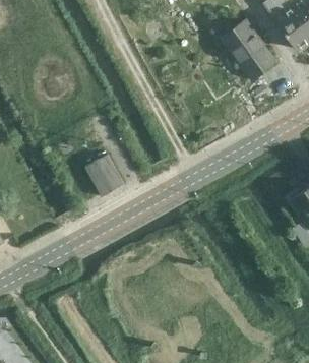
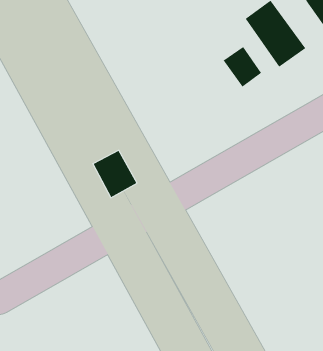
building: none -> [223,46,262,87]

